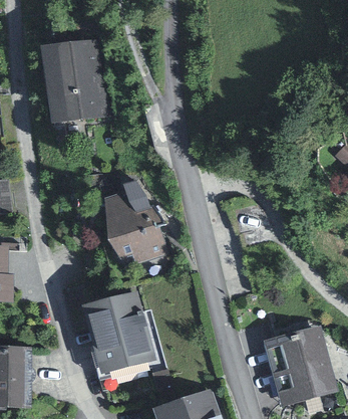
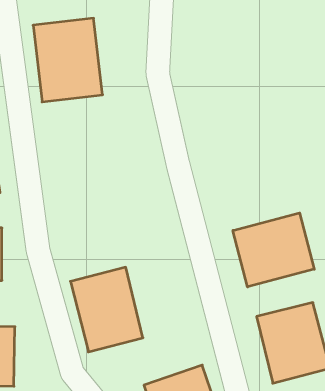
building: [100,191,170,266] -> none
building: none -> [233,213,314,287]

